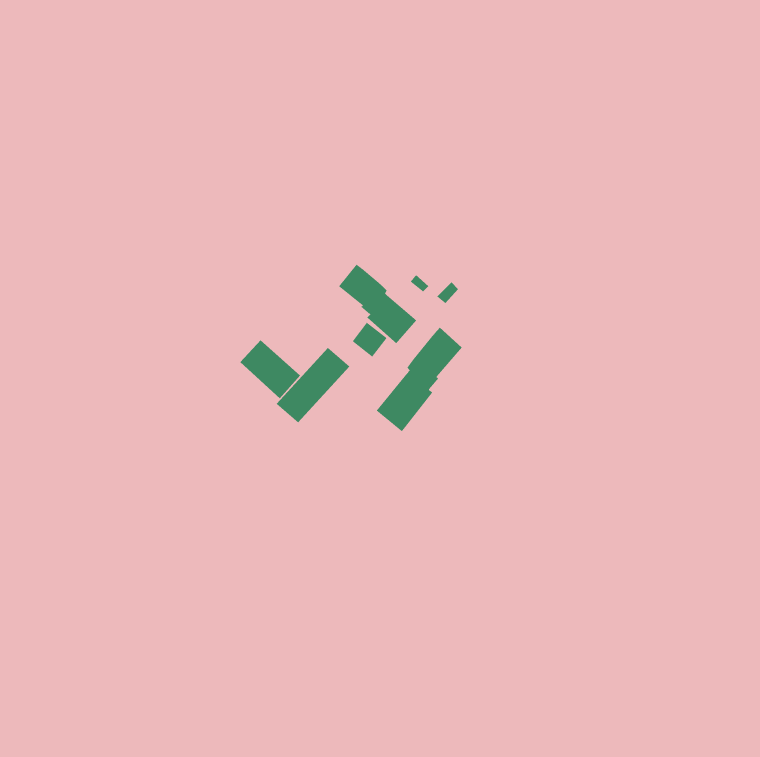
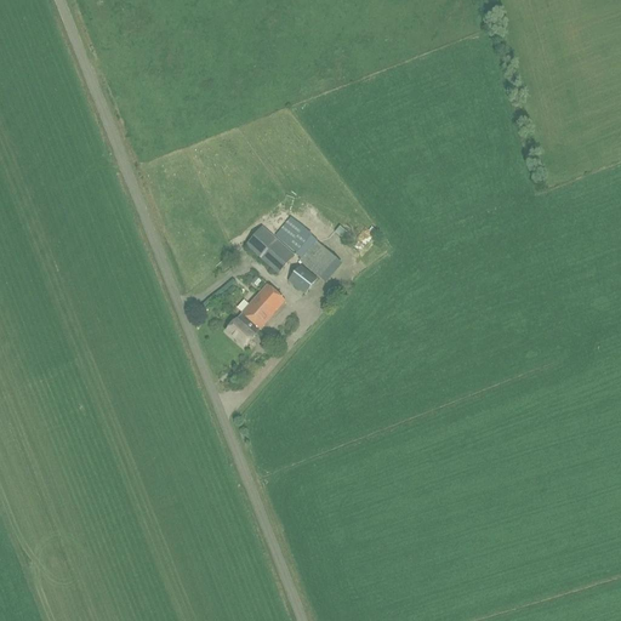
building: [376,327,463,432] -> none
building: [240,340,301,399] -> [244,223,294,272]

